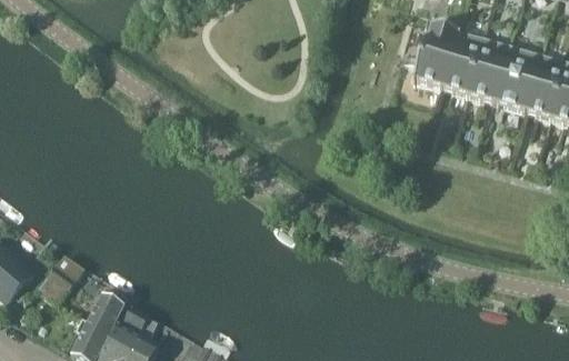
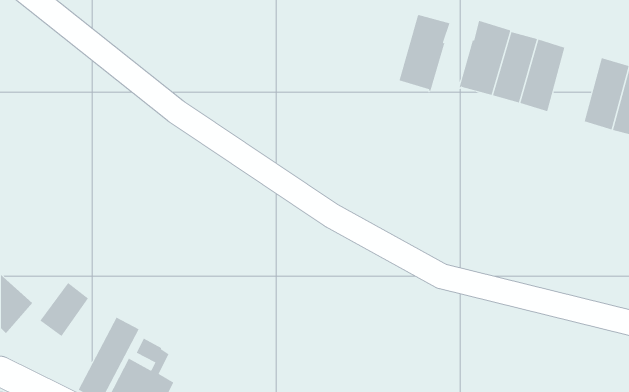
building: none -> [399,14,450,92]
building: [492,44,540,112] -> none

